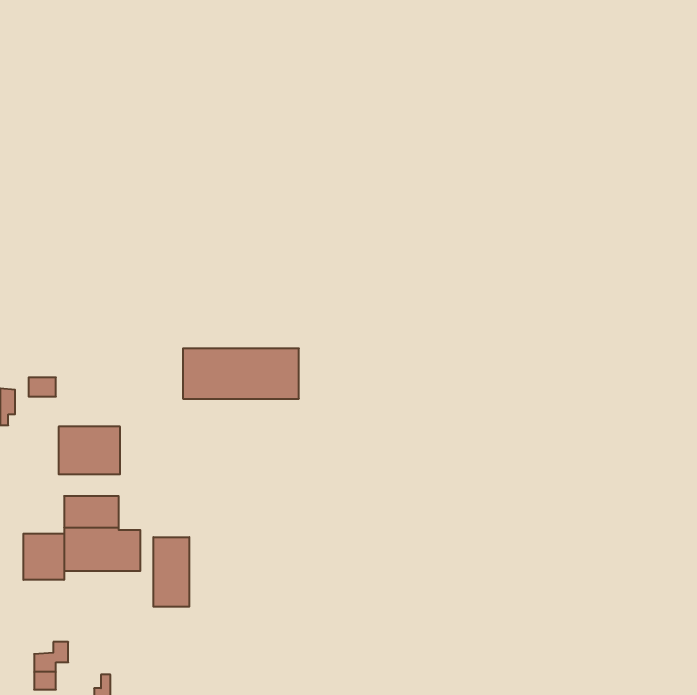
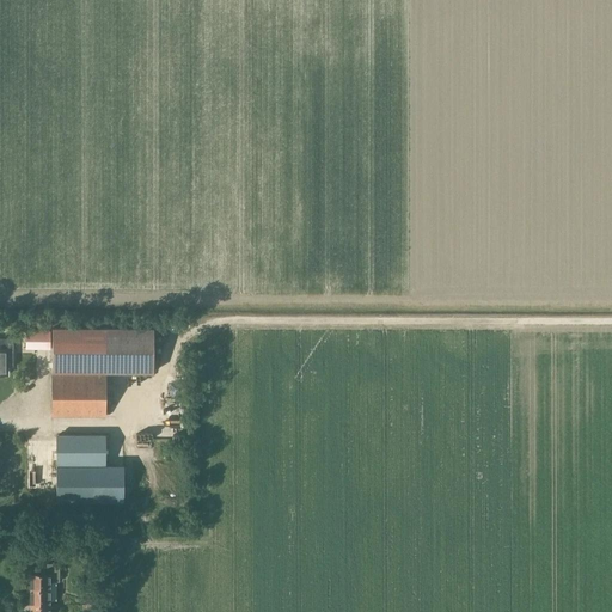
building: [183,348,299,399] -> [51,329,153,373]
building: [23,534,64,580] -> none
building: [153,537,189,607] -> none

